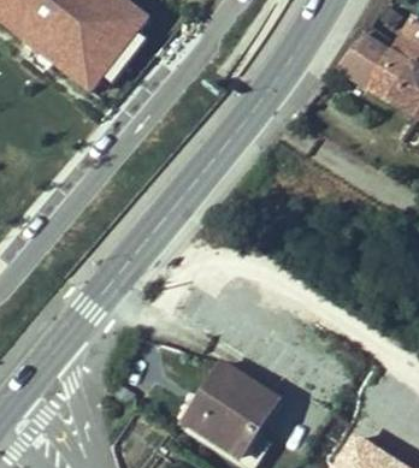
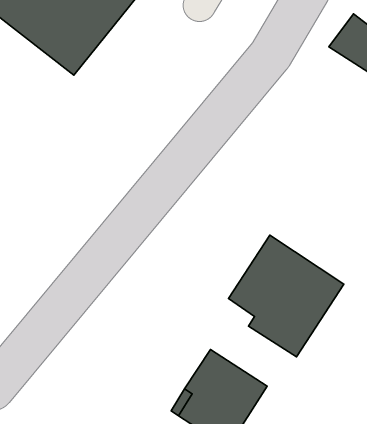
building: none -> [229,235,344,357]

